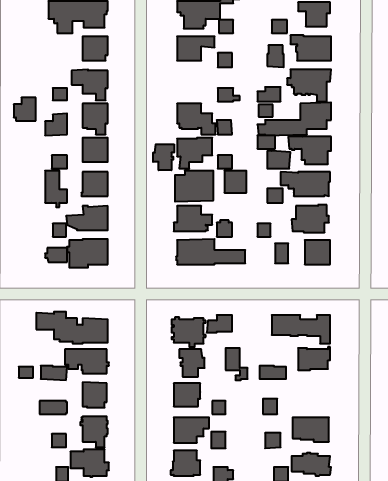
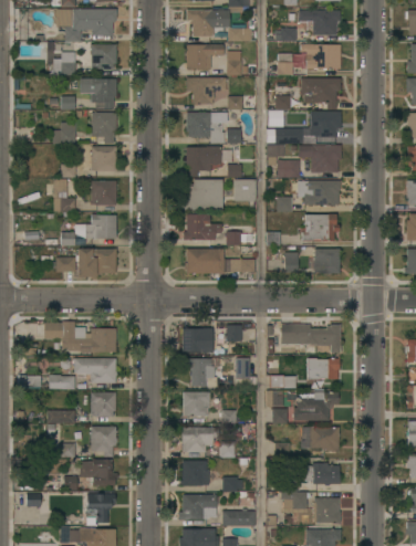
building: none -> [186,77,226,104]
building: [14,98,36,121] -> [53,52,75,75]
building: [153,144,174,170] -> none
building: none -> [293,389,337,420]

